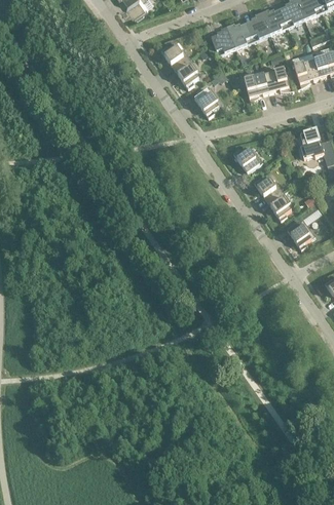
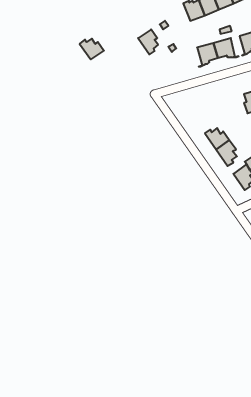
building: [211,27,235,54] -> none
building: [160,43,189,68] -> [80,39,104,59]
building: [194,86,218,116] -> none
building: [232,146,262,171] -> none

